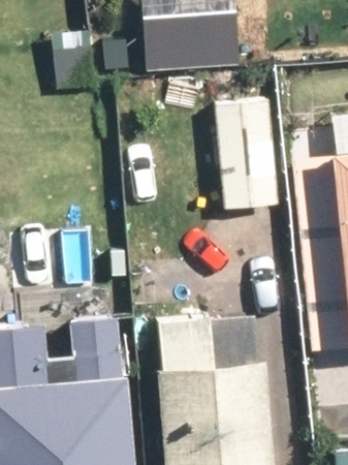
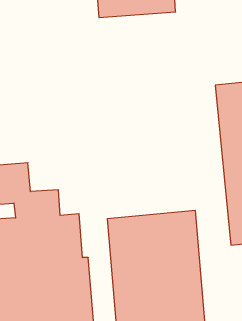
building: [212,99,275,208] -> none

